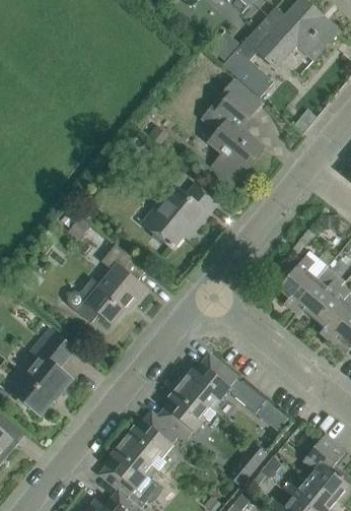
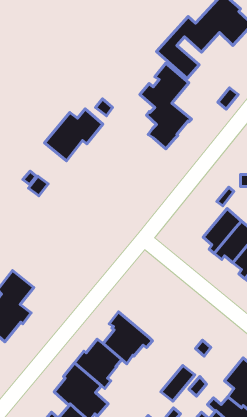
building: [147,185,217,247] -> [44,109,103,161]
building: [69,244,147,323] -> none
building: [177,353,266,412] -> none

